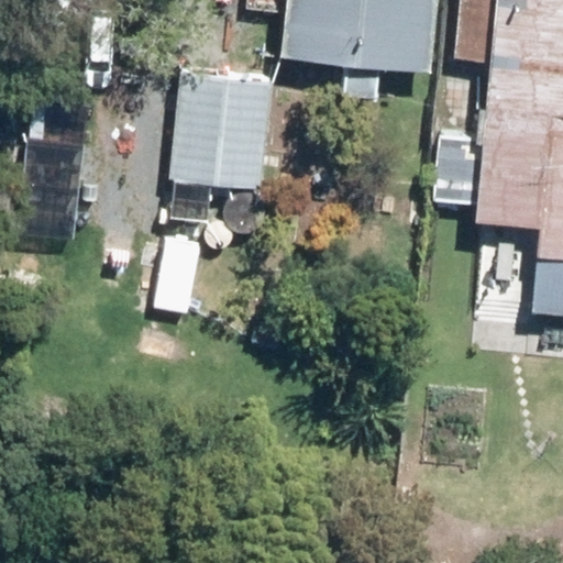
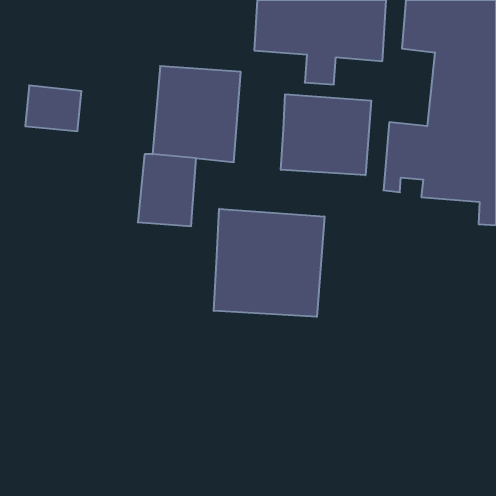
building: none -> [281,94,371,175]
building: none -> [214,209,324,317]

